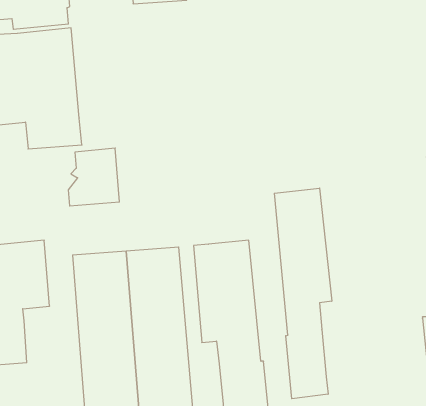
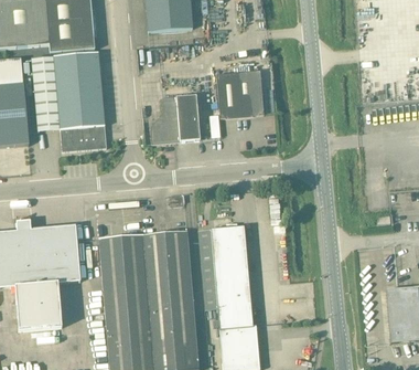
building: none -> [215,70,264,118]
building: [68,148,119,206] -> [157,95,198,142]
building: [274,188,332,399] -> none

